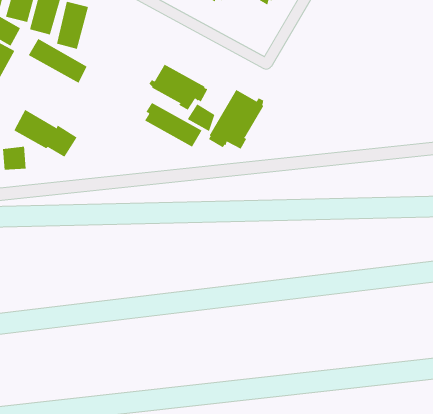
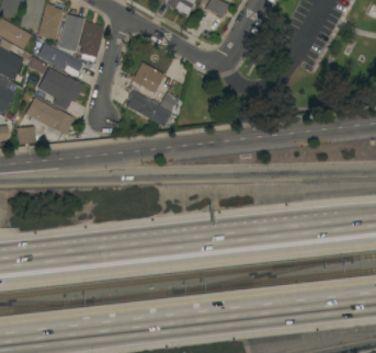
building: none -> [78,22,104,69]
building: none -> [38,67,84,111]
building: [208,89,264,150] -> none

